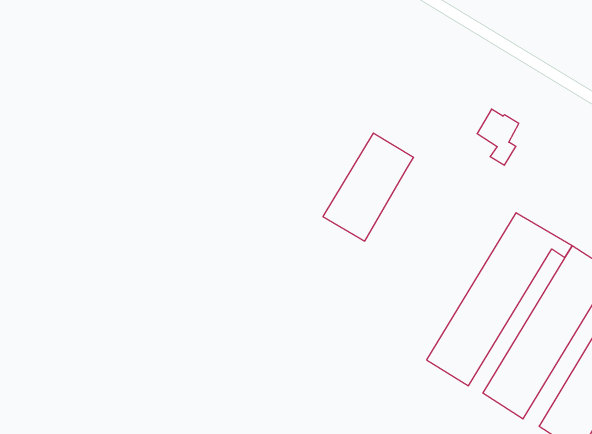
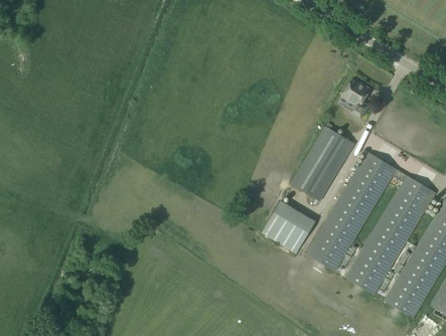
building: [323,133,414,241] -> [291,126,354,201]
building: none -> [262,199,316,253]

